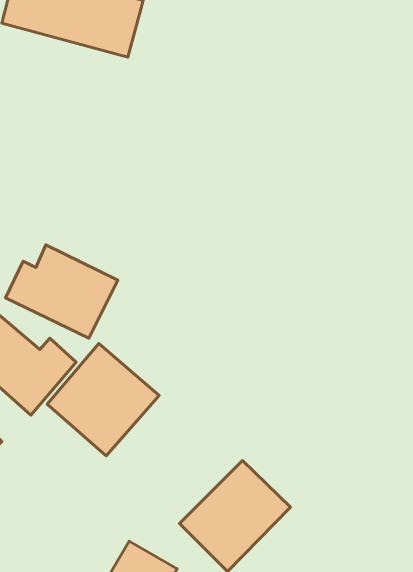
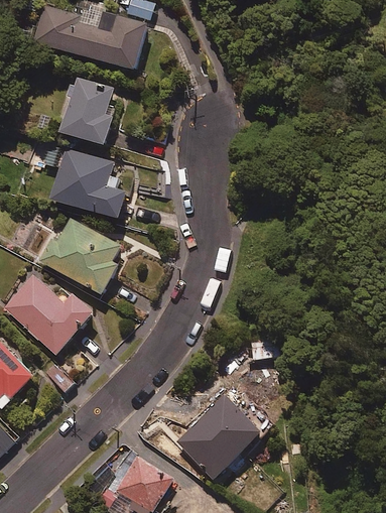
building: none -> [58,77,115,143]
building: none -> [50,149,125,218]
building: [47,344,159,456] -> none

